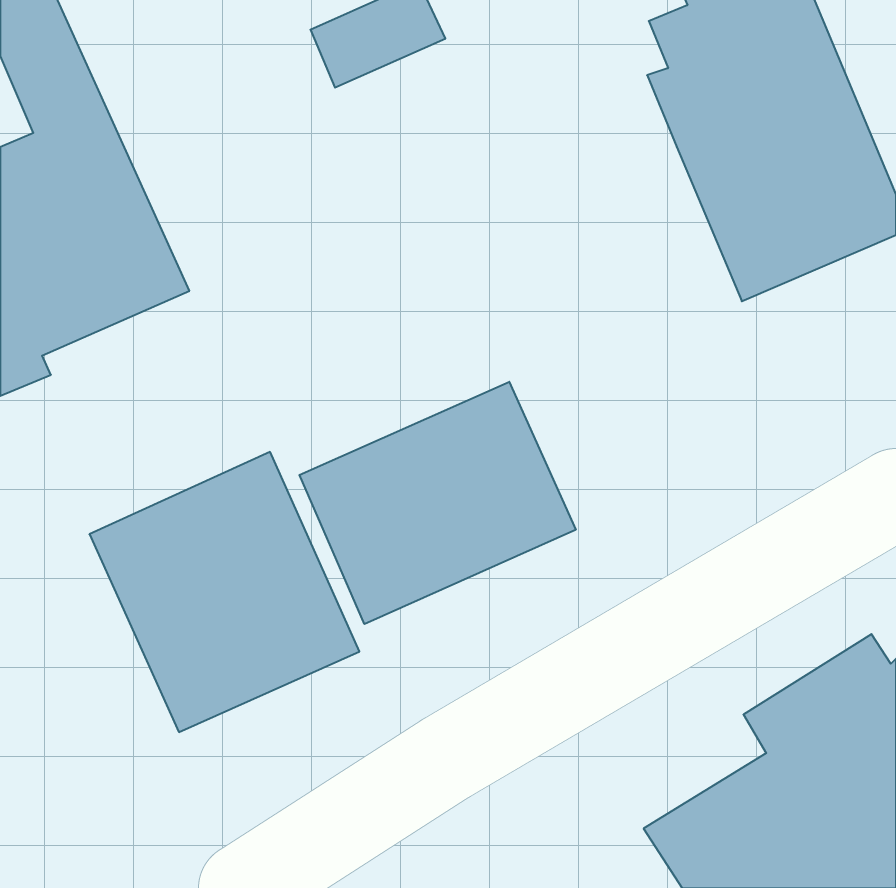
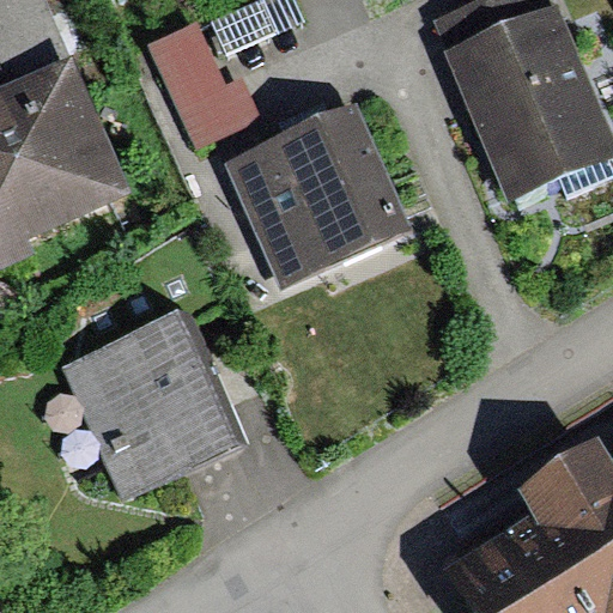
building: none -> [151,22,261,147]
building: none -> [226,105,408,284]
building: [299,382,576,624] -> none

